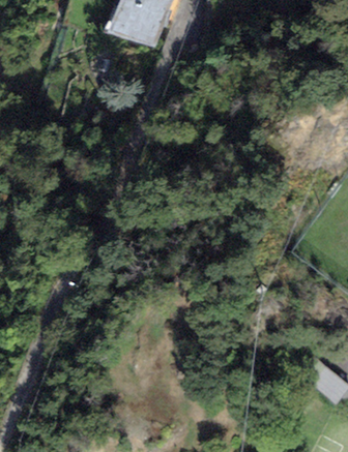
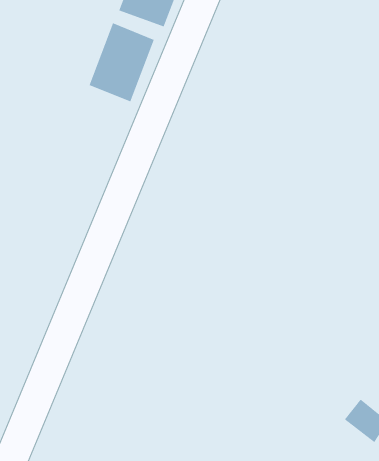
building: none -> [88,22,155,103]

